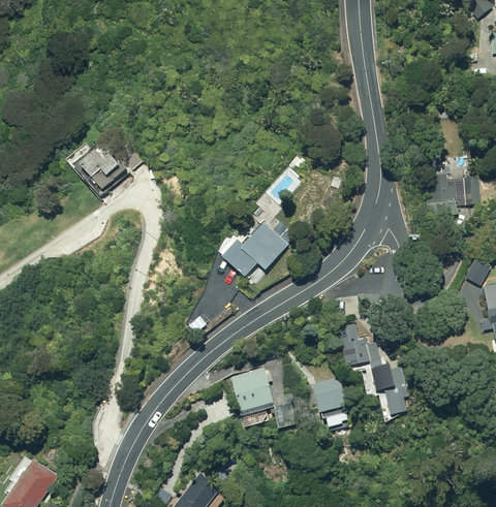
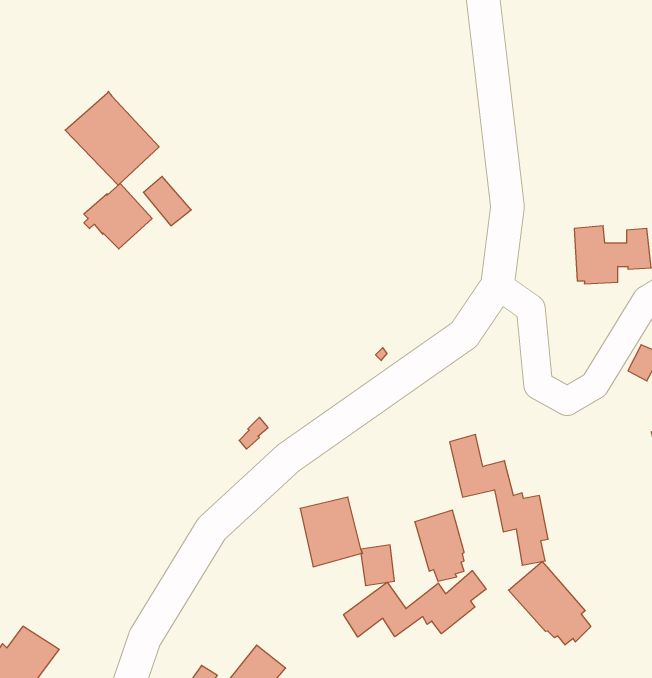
building: none -> [65,91,159,185]
building: [226,222,288,277] -> none
building: none -> [508,561,591,645]
building: none -> [344,571,486,637]

